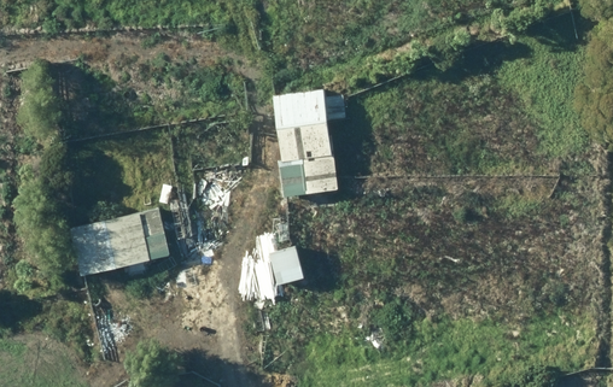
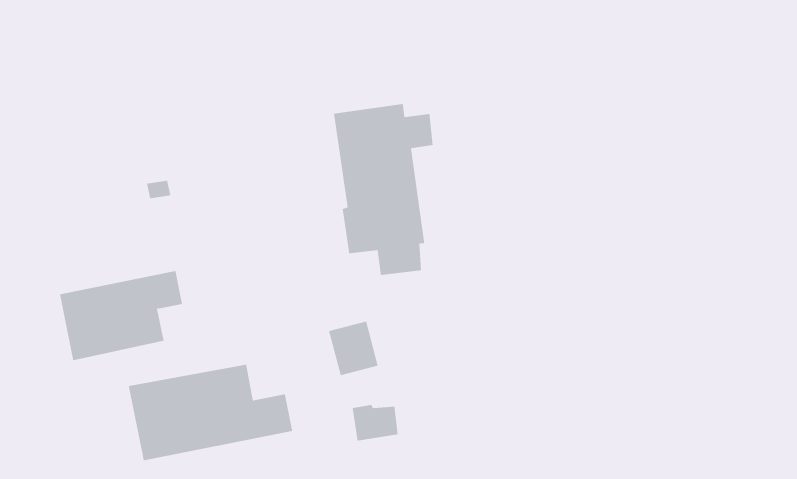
building: none -> [128,364,293,461]

